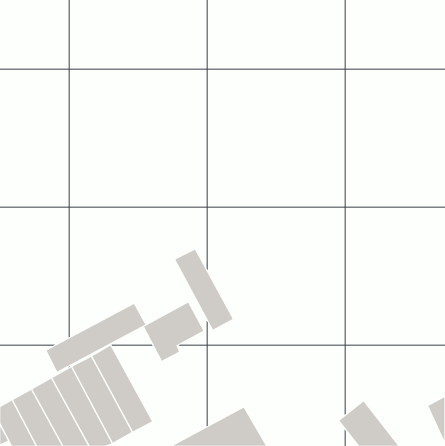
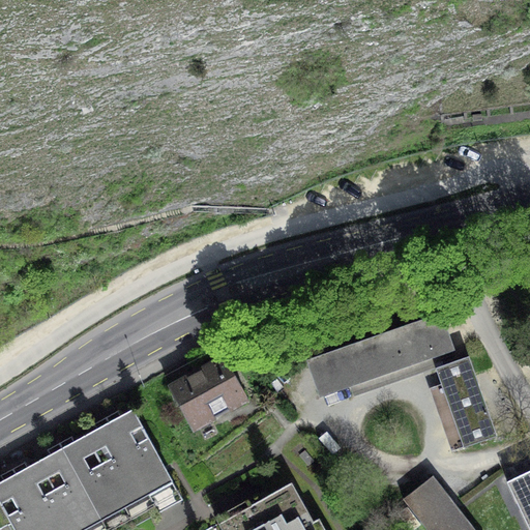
building: [174,249,233,331] -> none
building: none -> [308,316,450,393]
building: none -> [435,356,496,447]
building: [46,303,146,372] -> none

